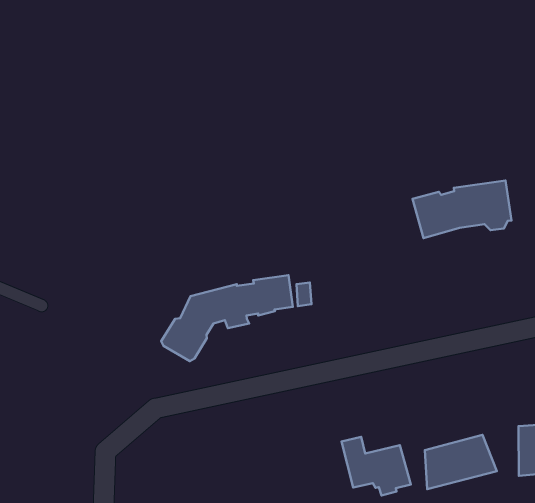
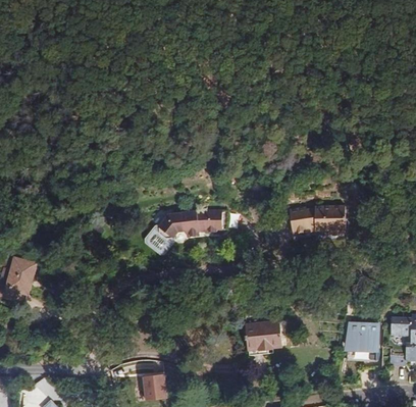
building: [413,180,511,238] -> [288,206,345,235]
building: [425,435,497,489] -> none

